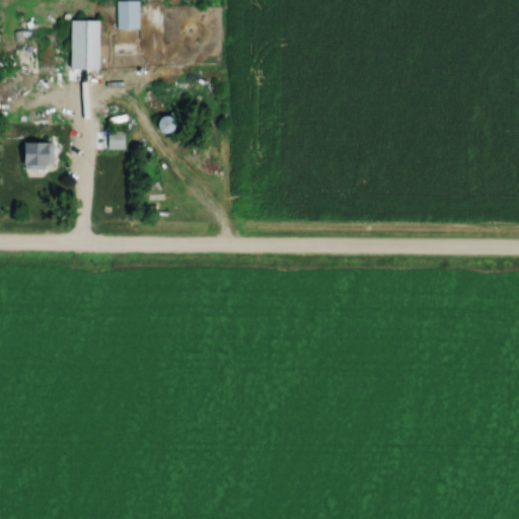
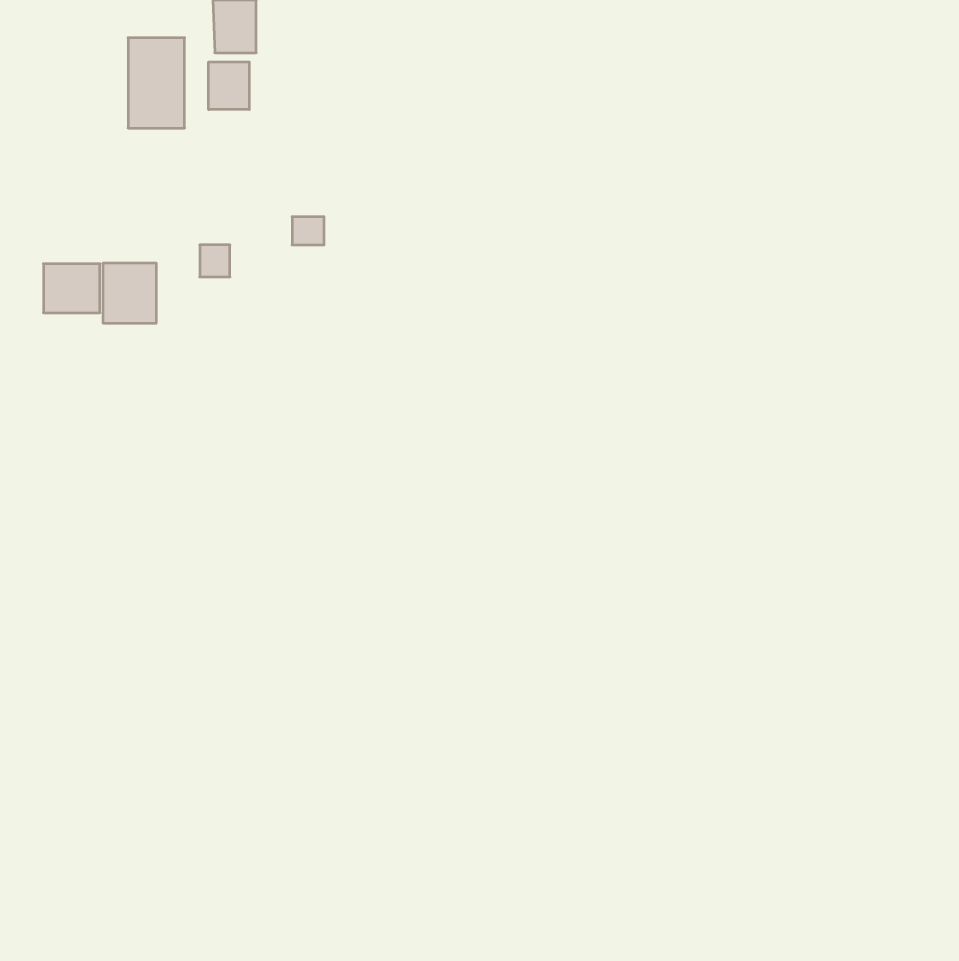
building: none -> [209,62,249,110]
building: none -> [103,263,156,323]

